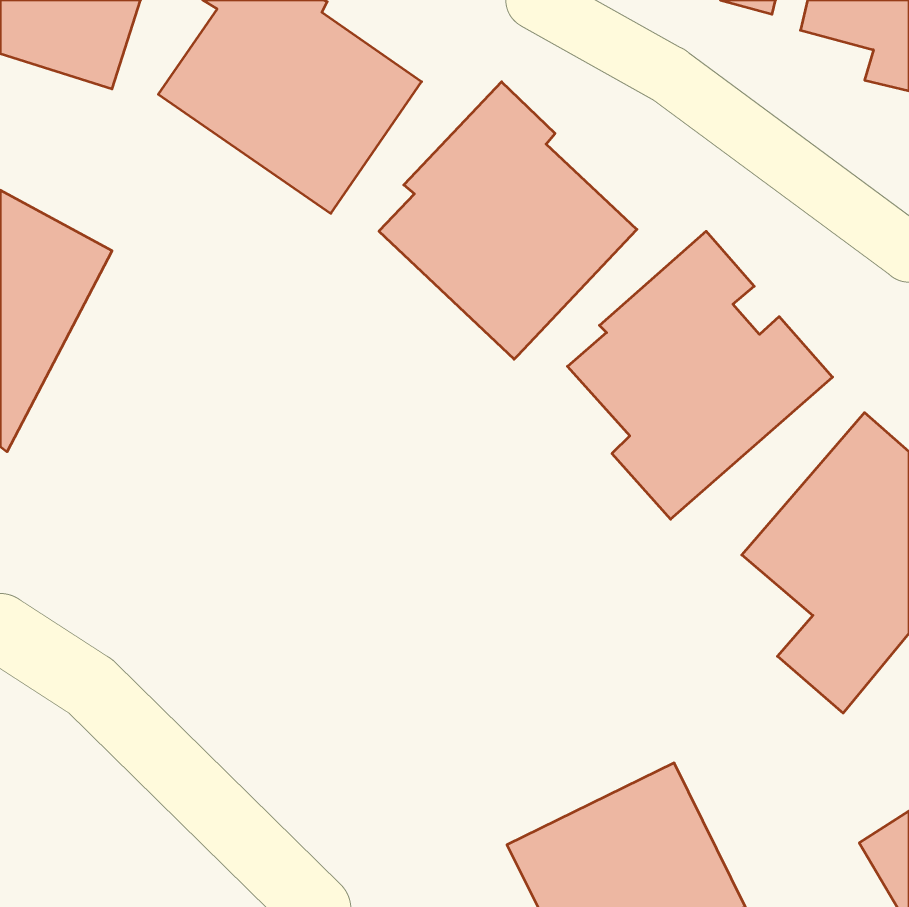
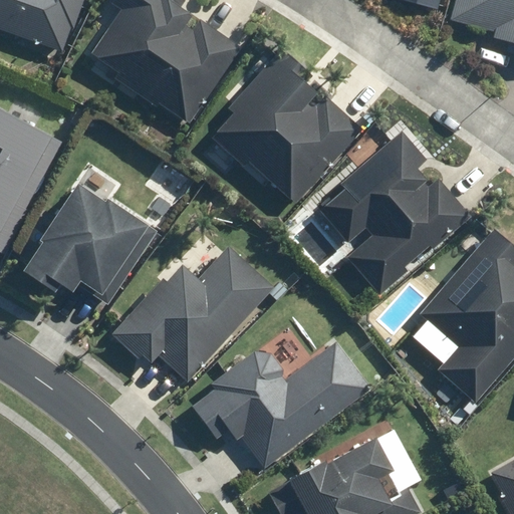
building: none -> [19,178,157,301]
building: none -> [116,248,272,379]
building: none -> [192,338,372,469]

